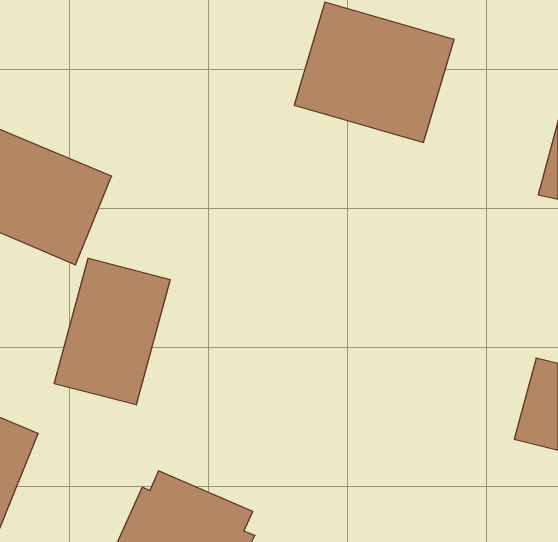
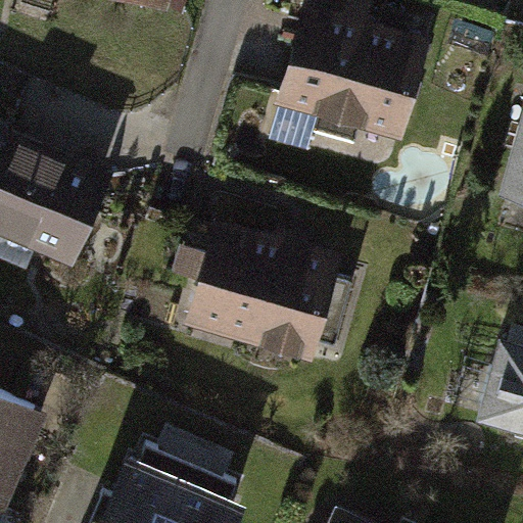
building: none -> [193,232,337,360]
building: [54,258,170,405] -> none

